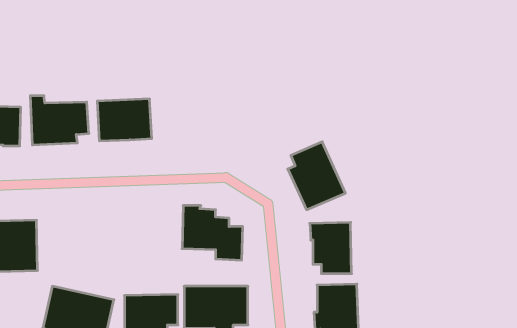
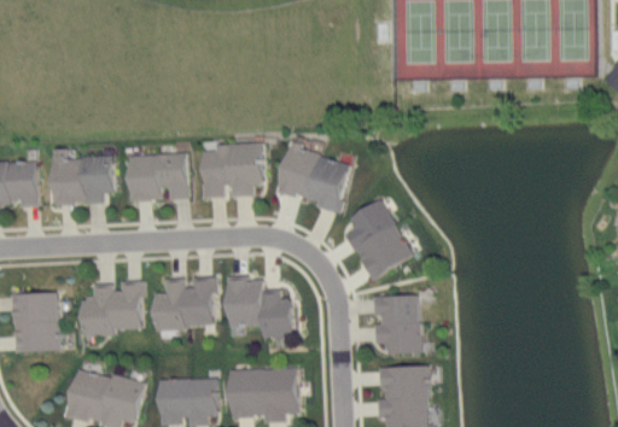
building: none -> [275,140,354,214]
building: none -> [198,141,267,198]
building: none -> [154,276,214,328]
building: none -> [83,280,142,337]

